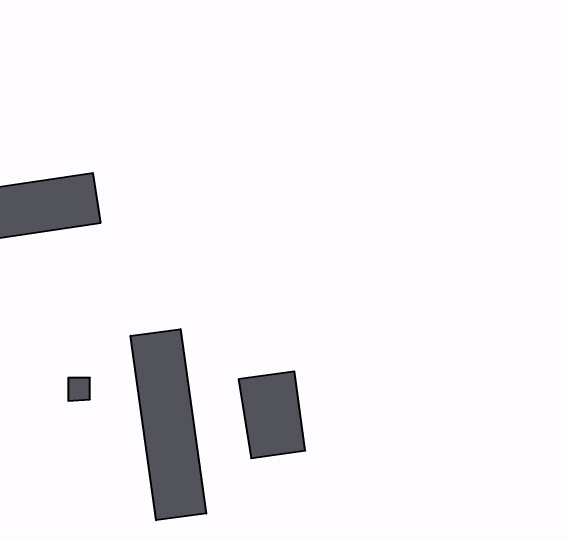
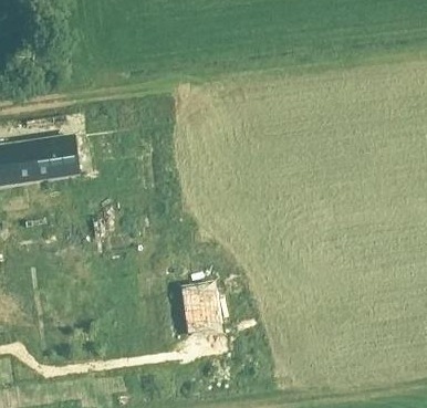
building: [131,329,206,520] -> none

